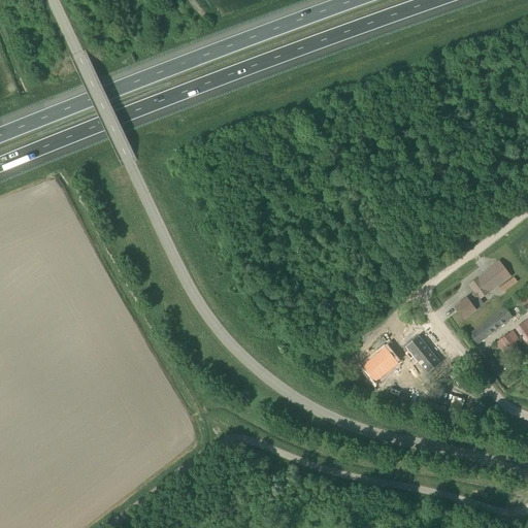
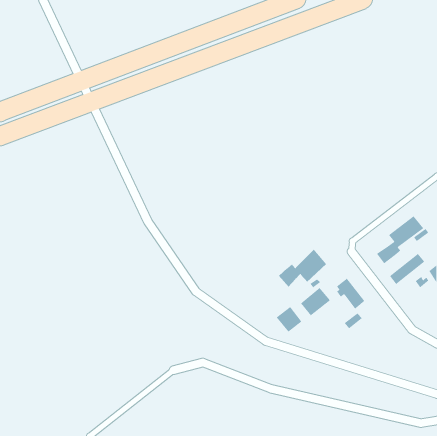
building: none -> [278,249,327,287]
building: none -> [276,306,302,333]

